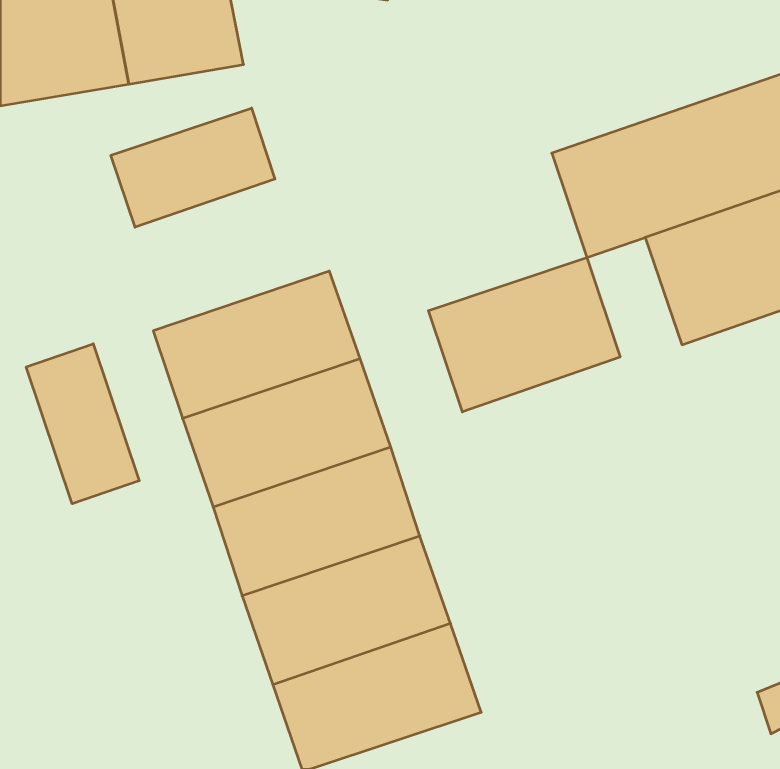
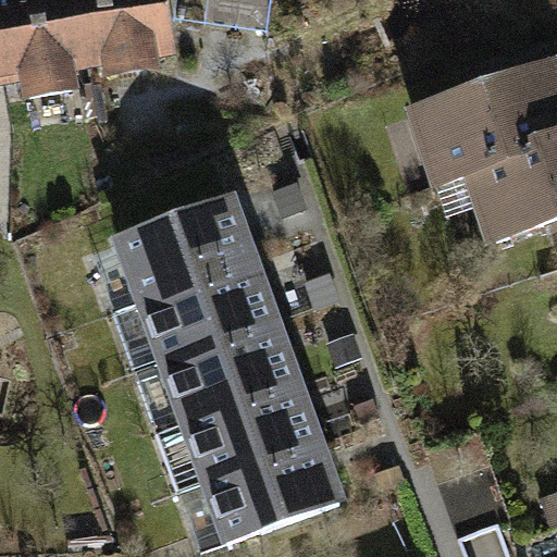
building: [111,108,275,227] -> none
building: [428,257,620,412] -> none
building: [26,344,139,504] -> none

